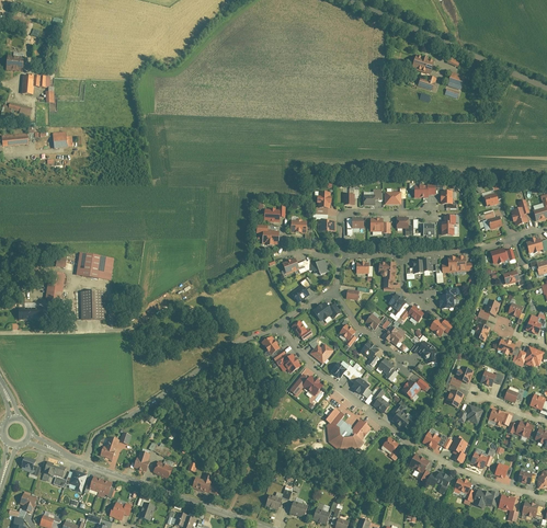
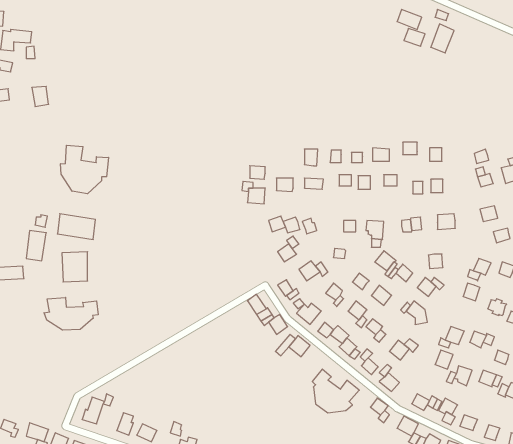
building: none -> [61,145,109,194]
building: none -> [44,297,98,330]

